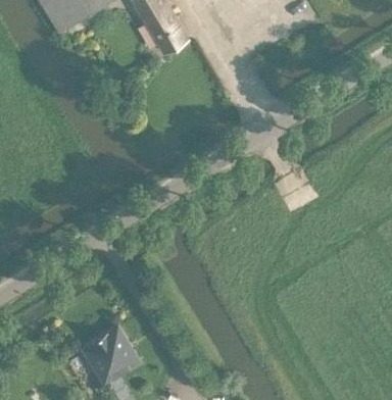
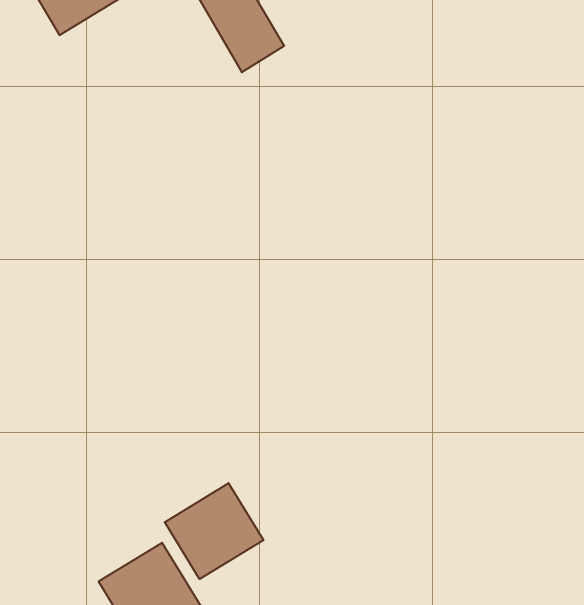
building: none -> [165,483,263,579]

